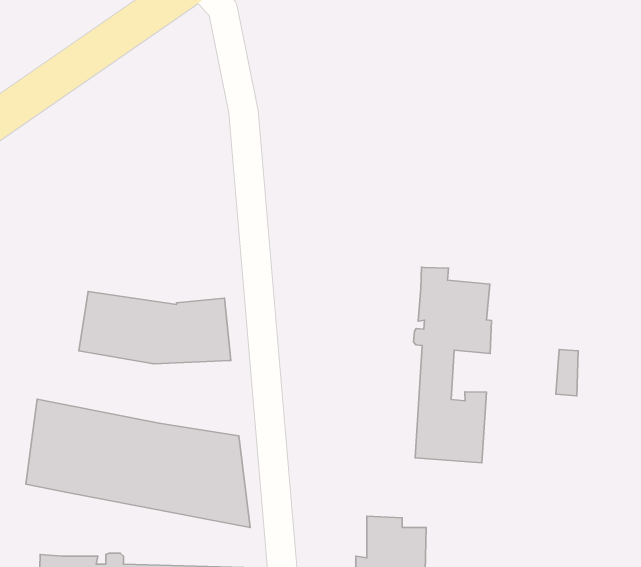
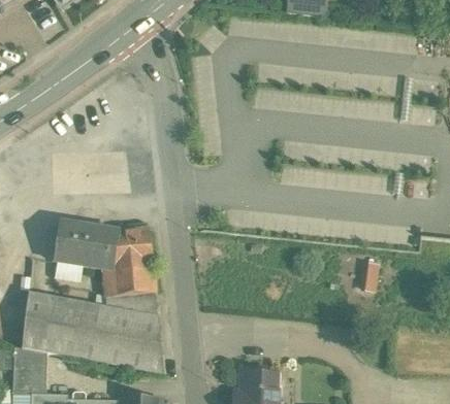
building: [414,267,492,463] -> none
building: none -> [103,267,158,315]
building: none -> [11,345,46,394]

